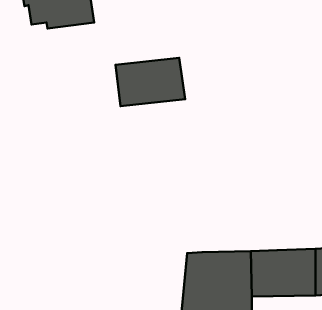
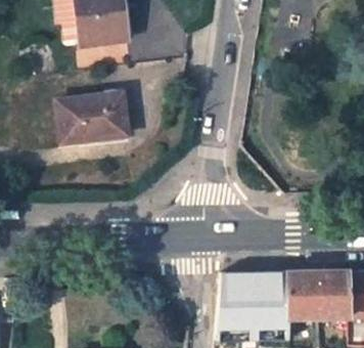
building: [115,58,185,106] -> [57,92,128,141]

